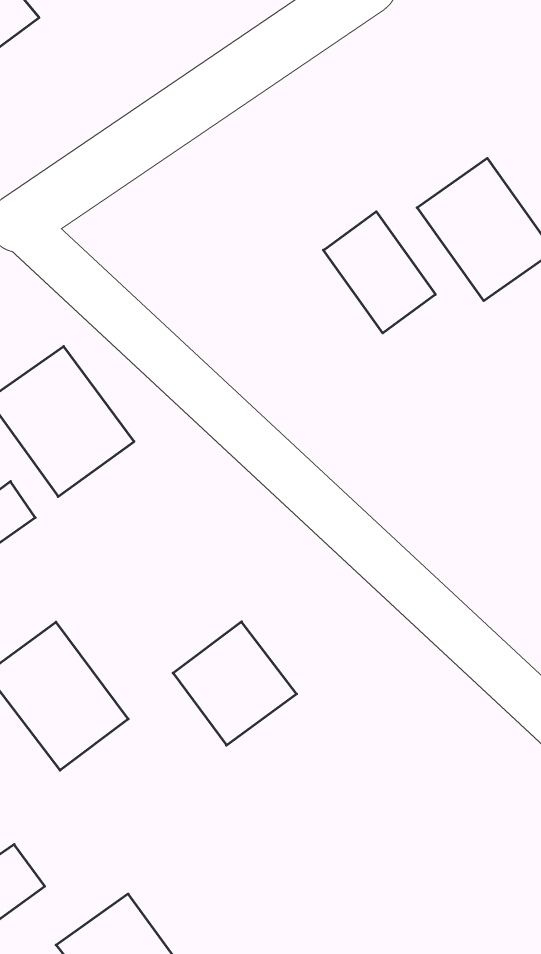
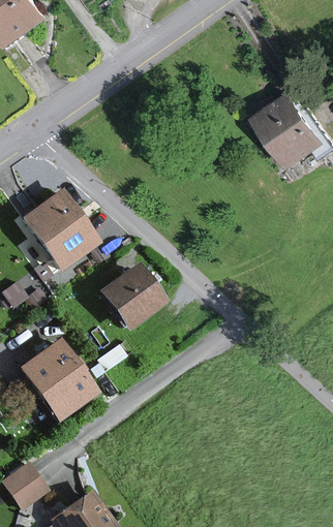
building: [323,212,435,333] -> none
building: [173,622,297,745] -> [95,268,162,335]

